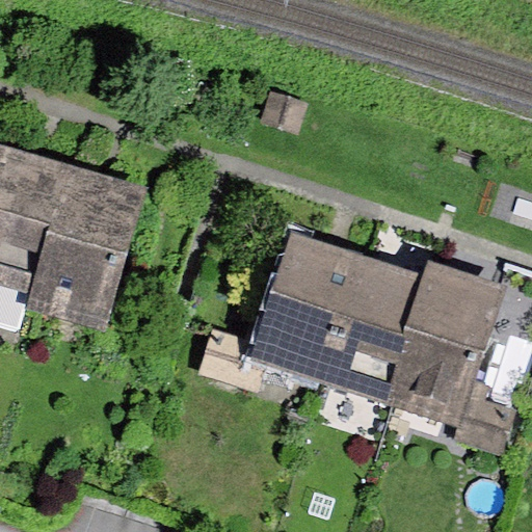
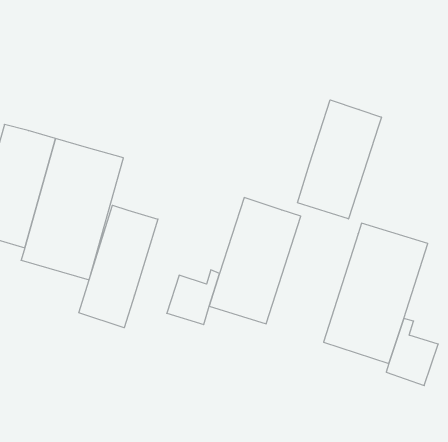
building: none -> [297,100,381,219]
building: none -> [79,205,158,328]
building: [314,255,422,403] -> none

